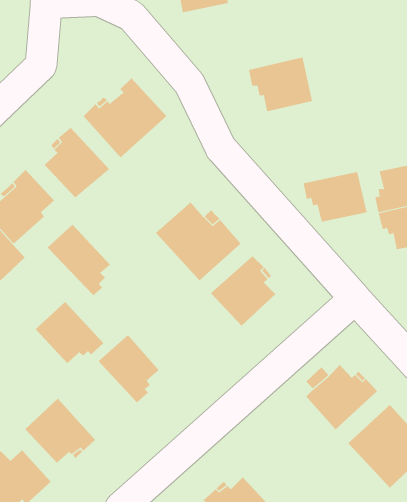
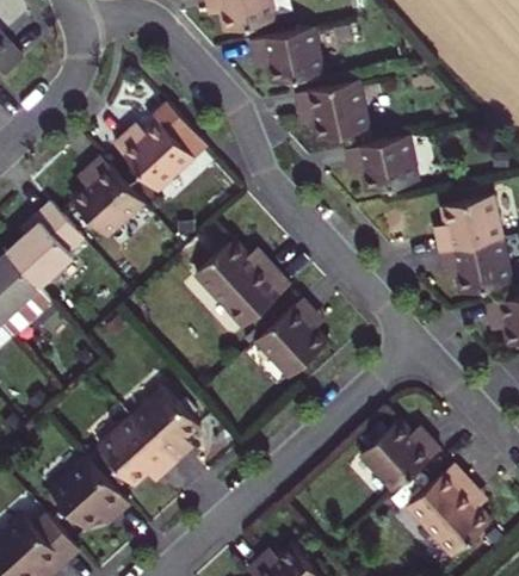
building: none -> [252,27,323,83]
building: [303,171,368,222] -> [347,136,419,192]
building: [47,224,111,296] -> none
building: [35,301,104,364] -> [98,416,174,485]

